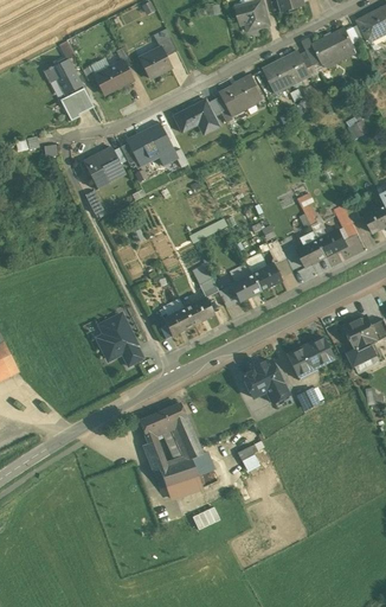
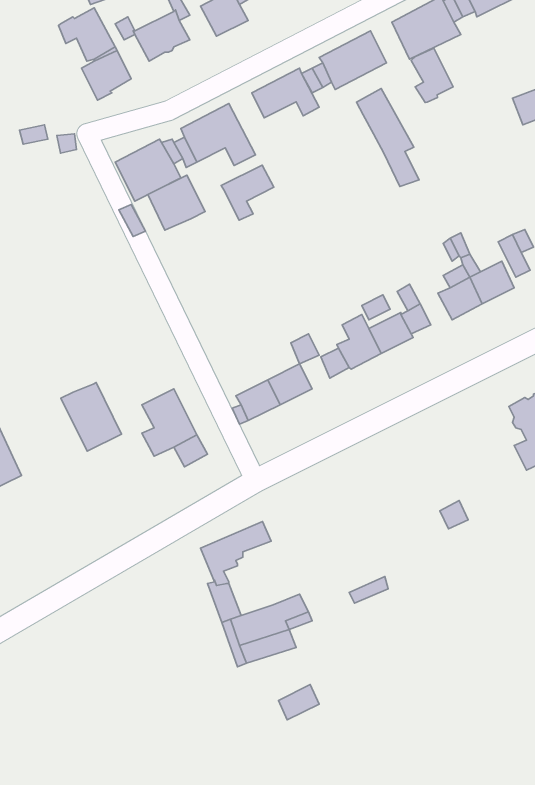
building: none -> [411,48,453,103]
building: none -> [356,88,419,186]
building: none -> [221,165,274,220]
building: none -> [148,175,205,230]
building: none -> [61,383,121,451]
building: [287,337,333,379] -> none
building: [242,360,288,402] -> none
building: [162,416,201,462] -> none

